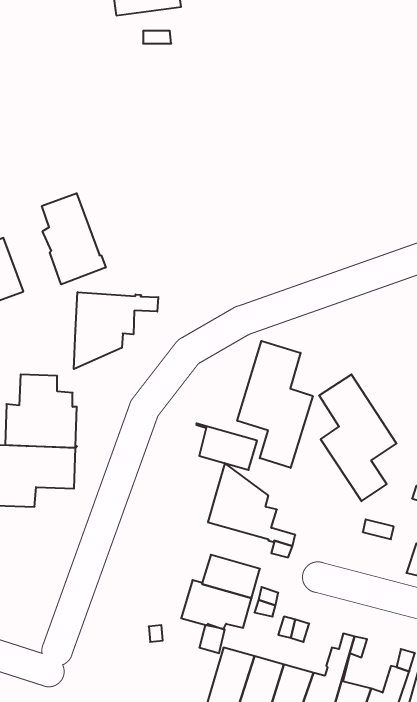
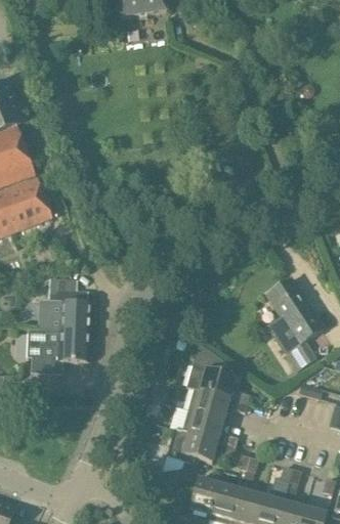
building: [42,193,106,284] -> none
building: [74,292,158,369] -> none
building: [237,341,313,468] -> none
building: [196,423,257,470] -> [185,386,229,420]

